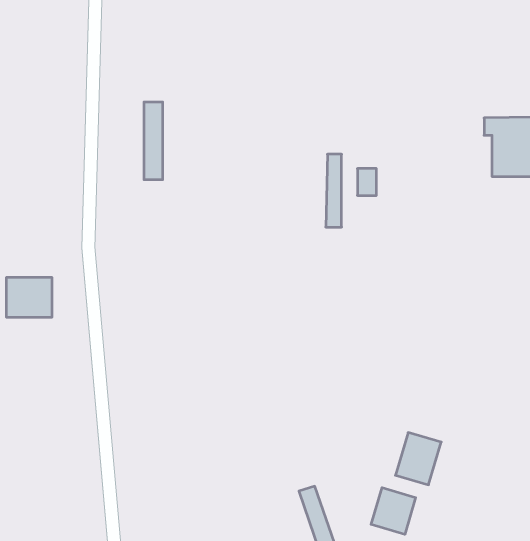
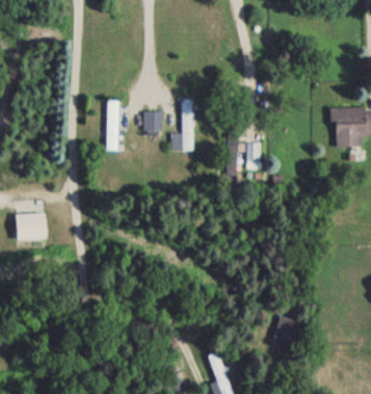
building: none -> [173,98,193,150]
building: none -> [144,110,163,132]
building: [371,488,416,534] -> none

